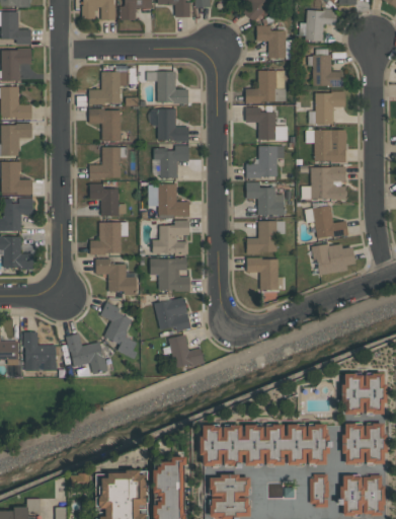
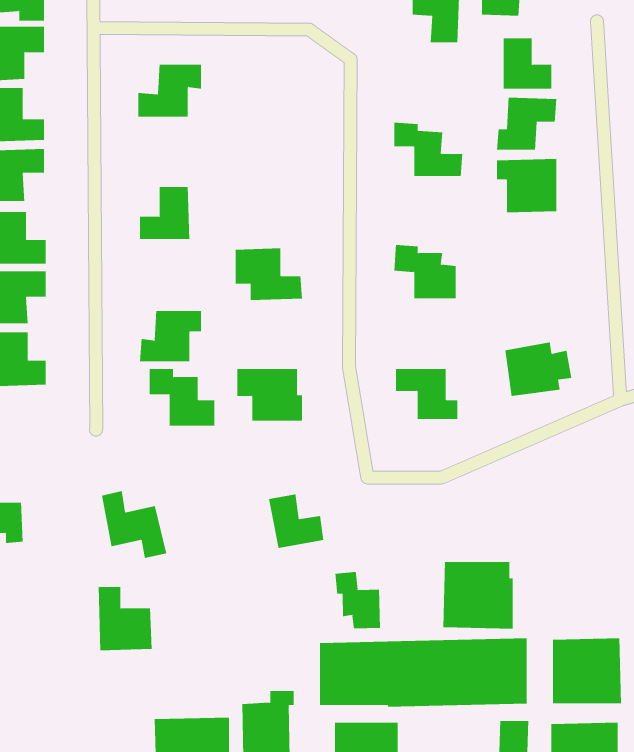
building: [157,70,188,103] -> none
building: [246,70,287,102] -> none
building: [90,108,122,141] -> none
building: [158,108,189,141] -> none
building: [246,145,285,177] -> none
building: [155,146,189,177] -> none
building: [311,166,346,200] -> none
building: [90,182,127,215] -> none
building: [306,206,348,239] -> none
building: [153,219,190,254] -> none
building: [247,220,278,253] -> none
building: [155,296,191,331] -> none
building: [100,302,137,357] -> none
building: [24,331,58,371] -> [98,587,152,651]
building: [342,373,386,415] -> [442,561,514,629]
building: none -> [335,571,380,629]

